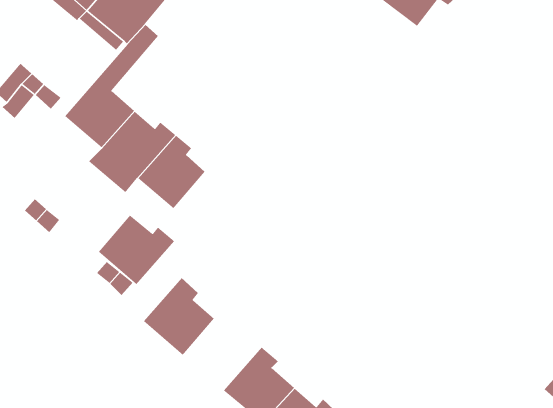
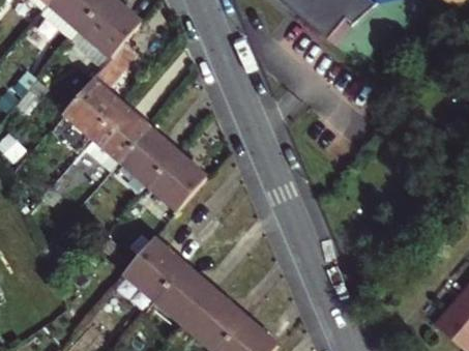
building: [98,215,175,285] -> [148,154,208,209]
building: none -> [155,268,216,324]

